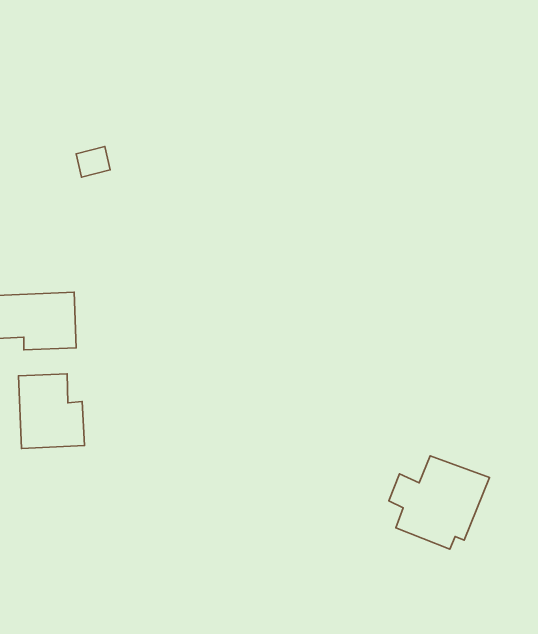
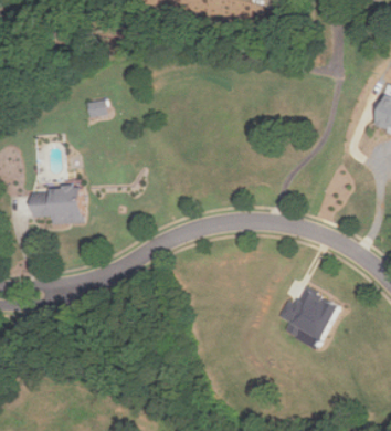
building: [18,374,84,449] -> none

